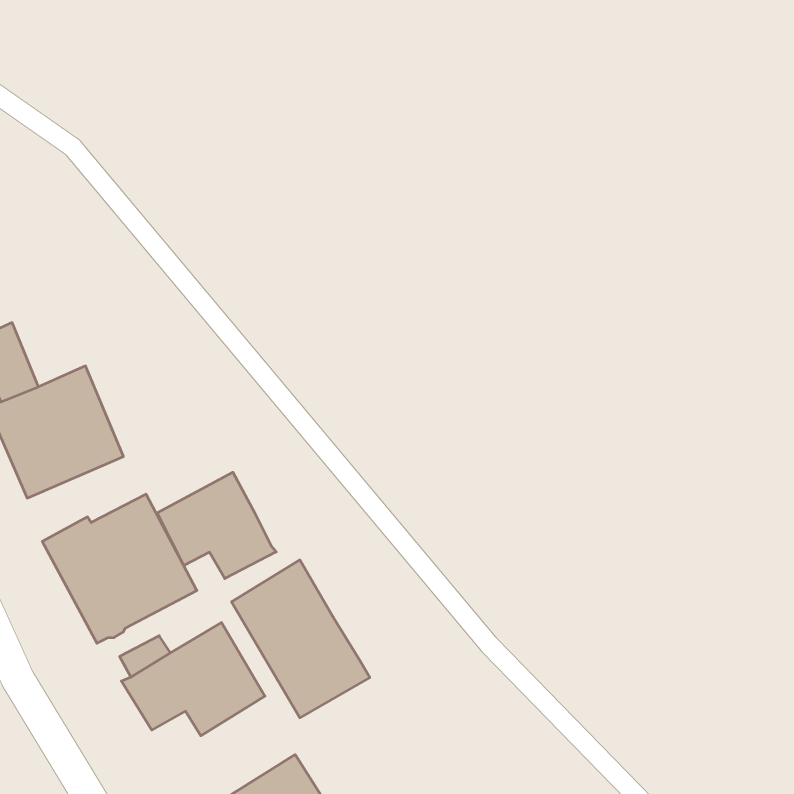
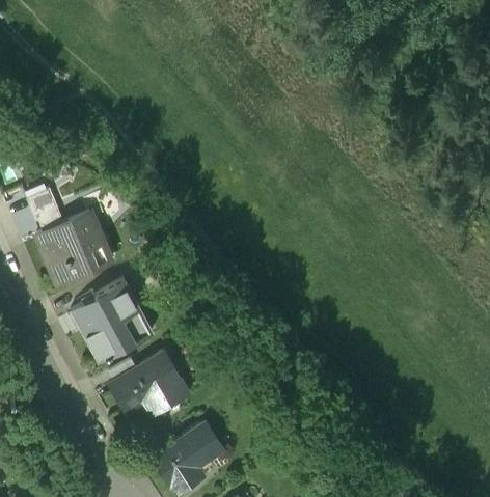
building: [157,472,276,579] -> none
building: [232,560,370,718] -> none

